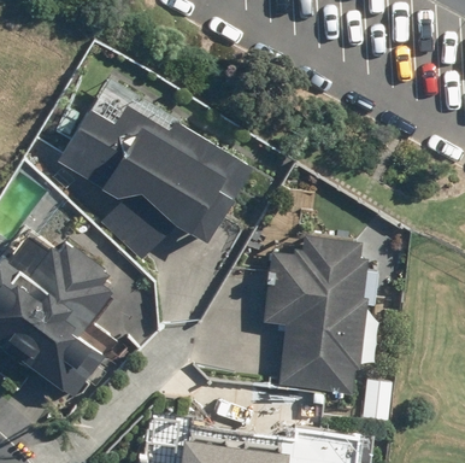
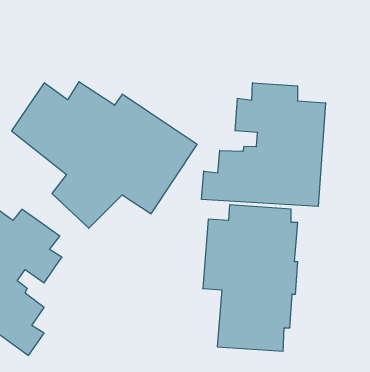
building: none -> [202,83,325,206]

